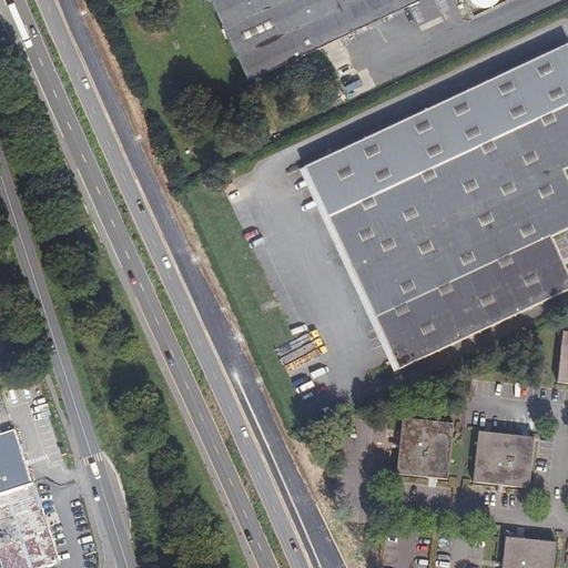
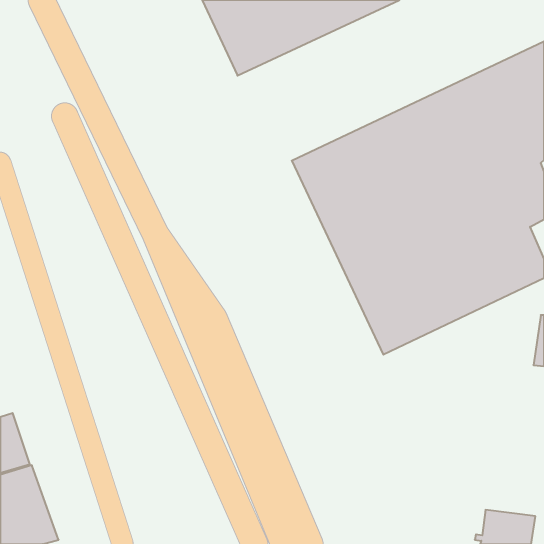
building: [393,413,455,476] -> none
building: [474,427,536,490] -> none

